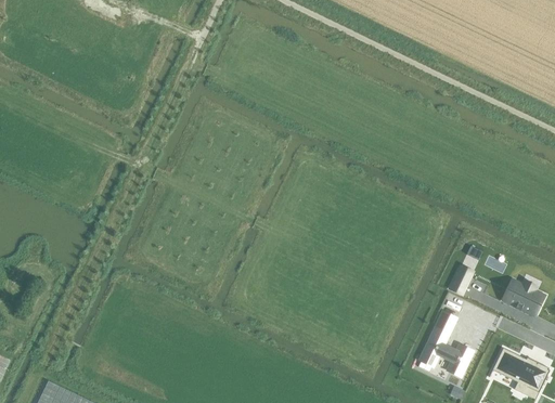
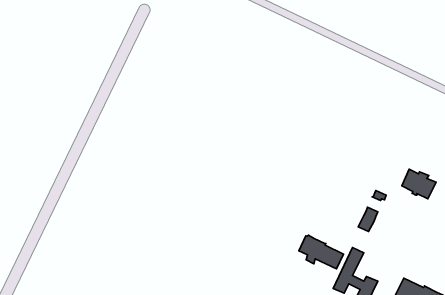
building: [502,281,542,315] -> [402,169,436,199]
building: none -> [299,235,343,269]

